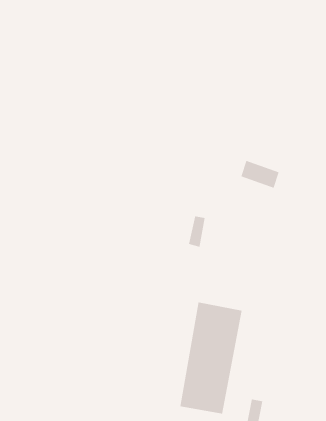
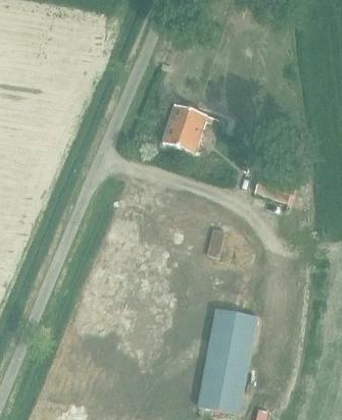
building: none -> [163,104,213,153]

